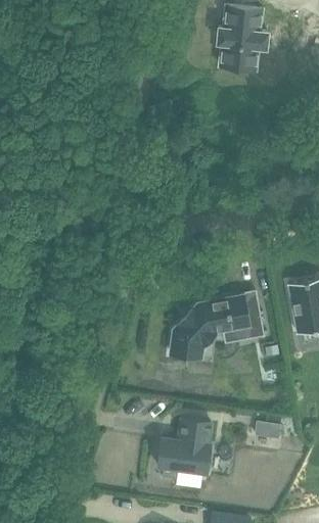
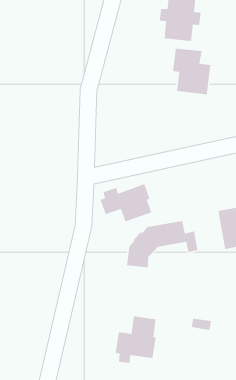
building: none -> [172,48,211,95]
building: none -> [100,183,152,222]

